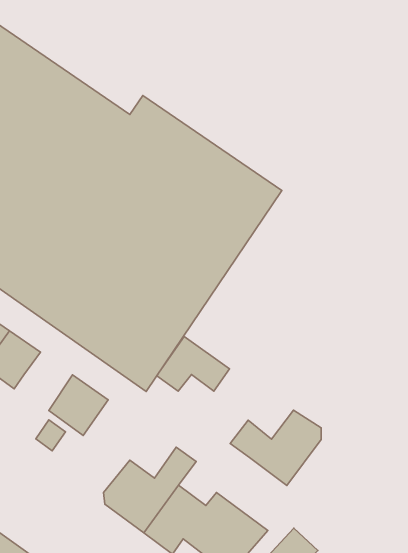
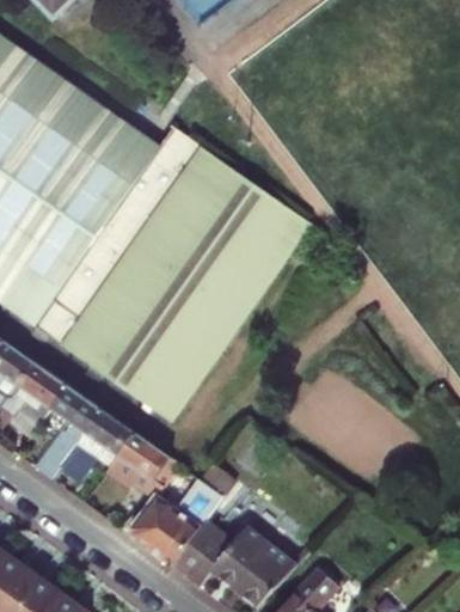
building: [157,337,229,391] -> [106,432,179,486]
building: none -> [32,384,98,478]
building: [230,410,321,486] -> none

